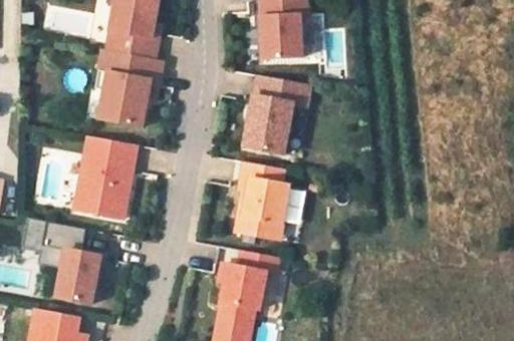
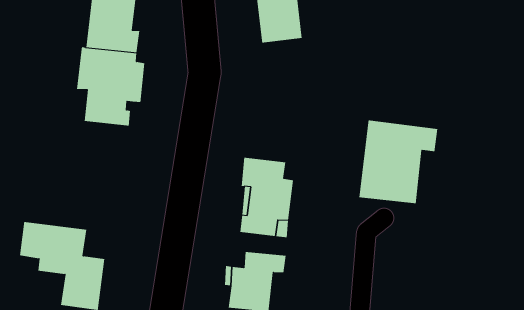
building: [241,78,318,158] -> [359,120,438,204]
building: [72,141,132,223] -> none

